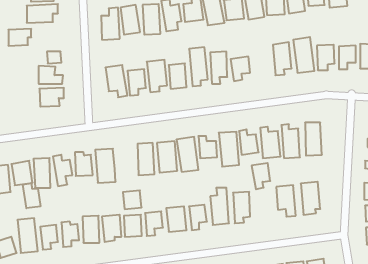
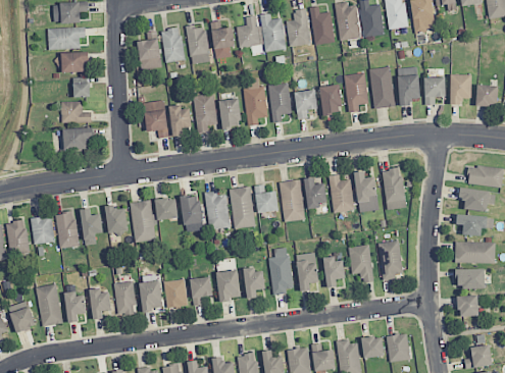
building: [8,29,31,46] -> [61,52,89,72]
building: none -> [320,85,341,114]
building: [252,163,270,189] -> [322,257,345,288]
building: [23,183,40,208] -> none
building: [123,190,142,209] -> [155,198,178,220]

